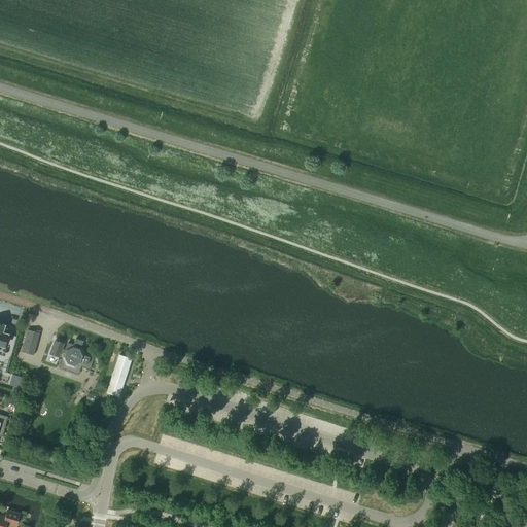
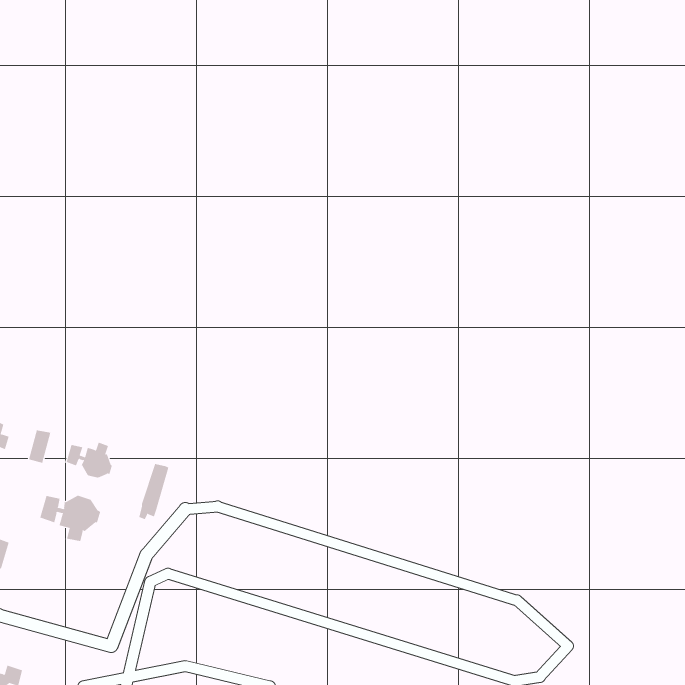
building: none -> [39,495,101,542]

